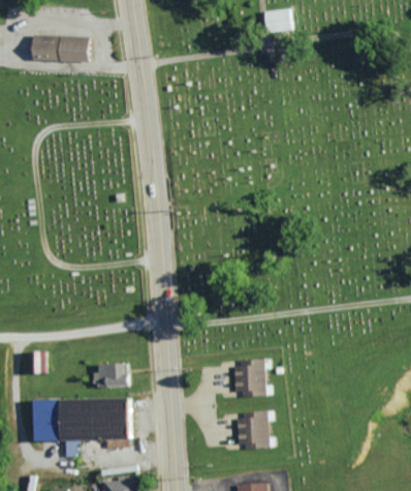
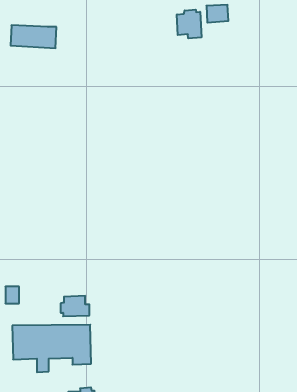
building: none -> [177,10,201,38]
building: [233,359,265,397] -> none
building: [236,411,270,451] -> none

